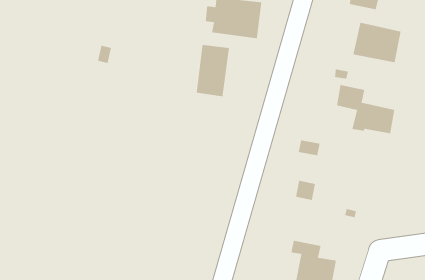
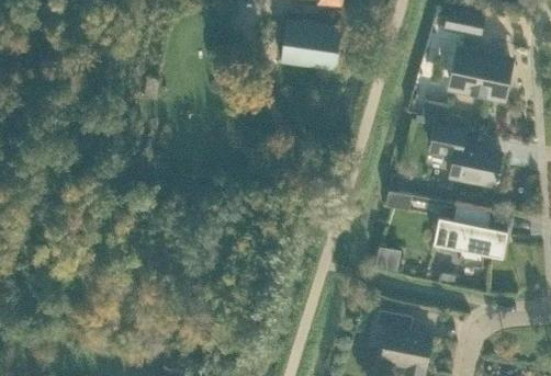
building: [196,44,230,97] -> none
building: none -> [431,208,506,271]

